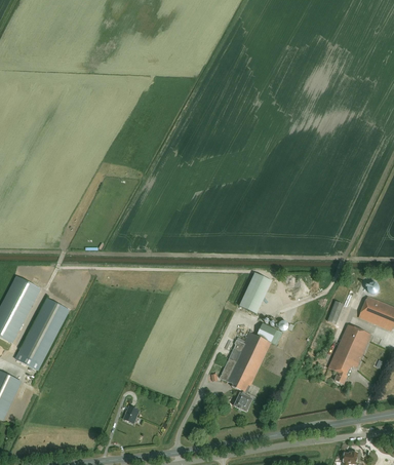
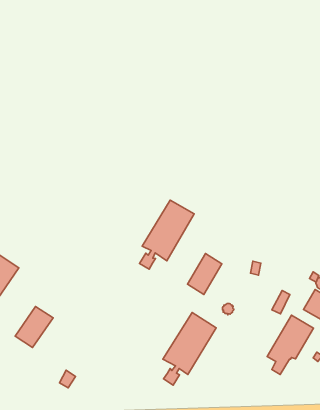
building: none -> [140,200,194,269]
building: none -> [15,306,53,348]

